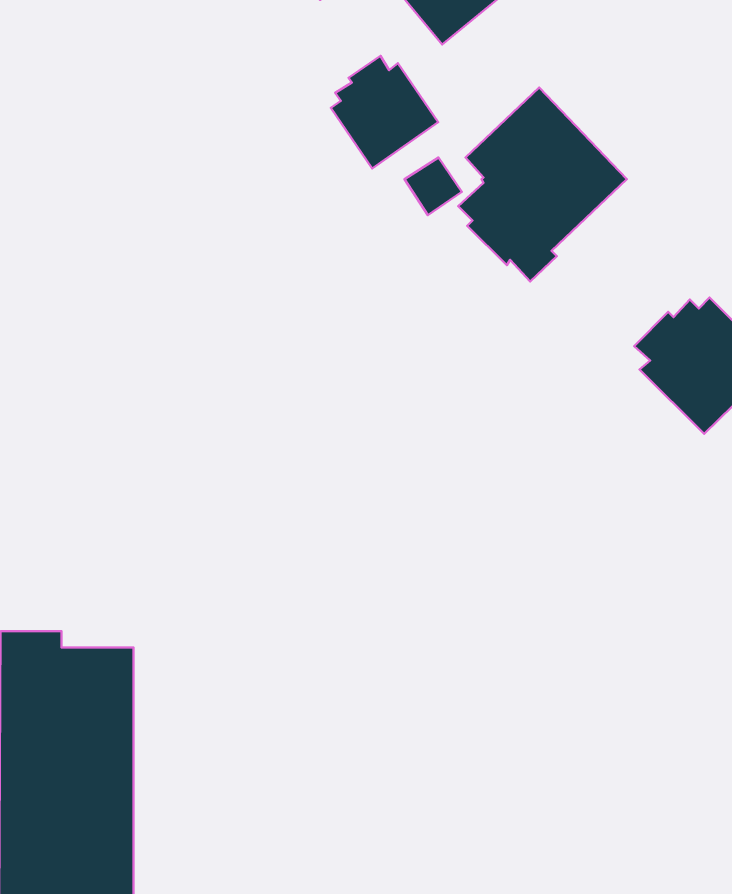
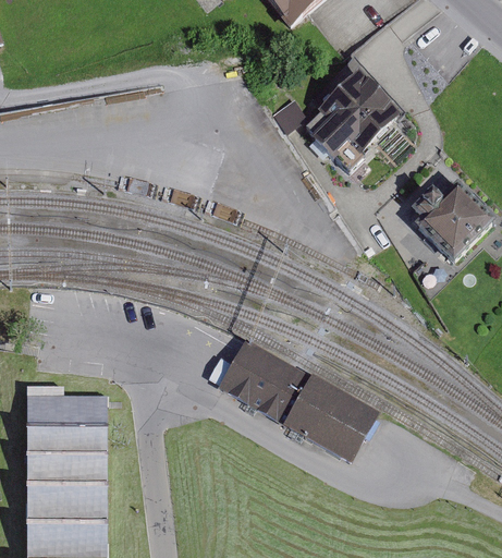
building: [331,56,438,169] -> none
building: none -> [217,338,379,463]

